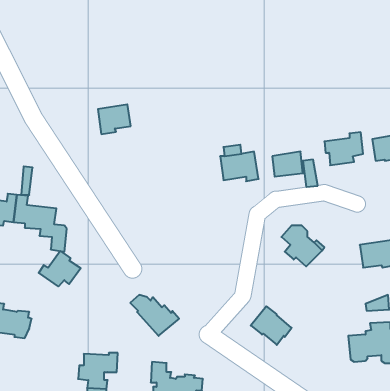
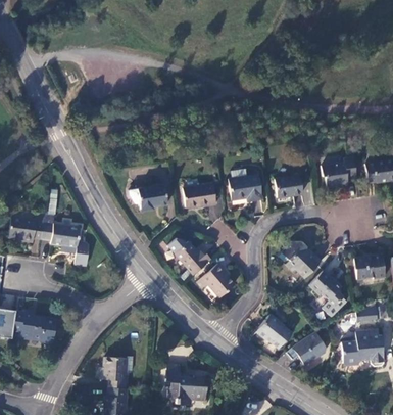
building: [98,104,131,134] -> [138,185,167,212]
building: none -> [183,184,216,209]
building: none -> [197,263,235,297]
building: [39,251,81,286] -> none
building: none -> [308,270,344,306]
building: [130,295,179,336] -> [167,238,211,275]
building: none -> [286,331,327,365]

